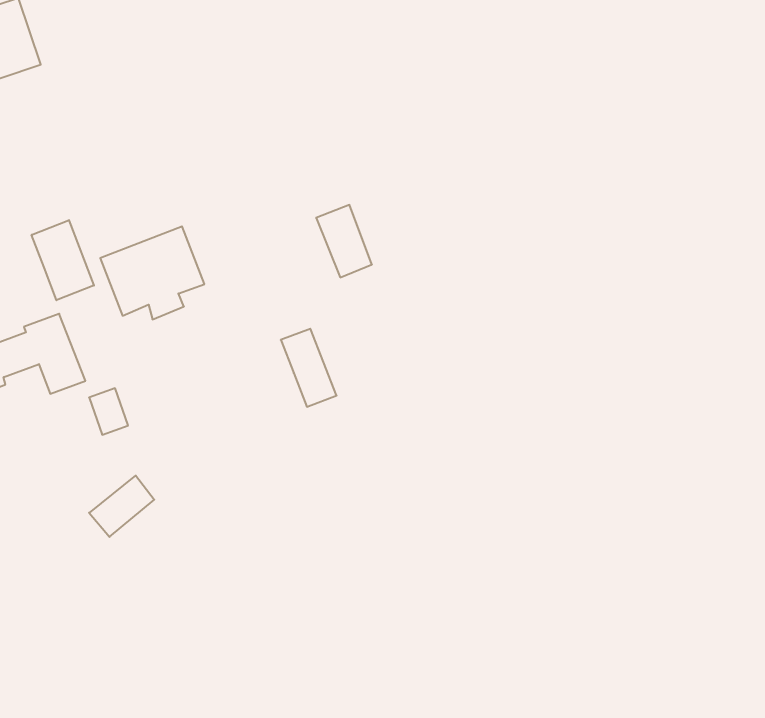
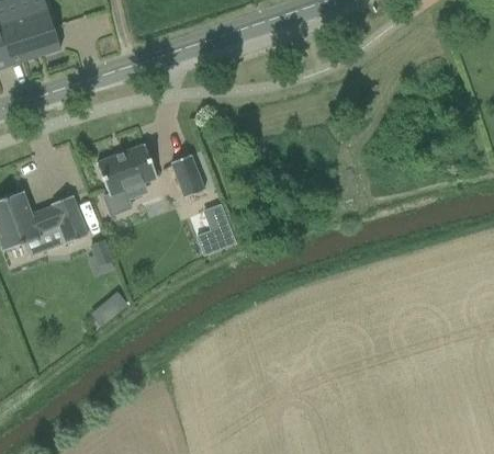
building: [316,205,372,277] -> [170,155,203,197]
building: [32,220,94,300] -> none

